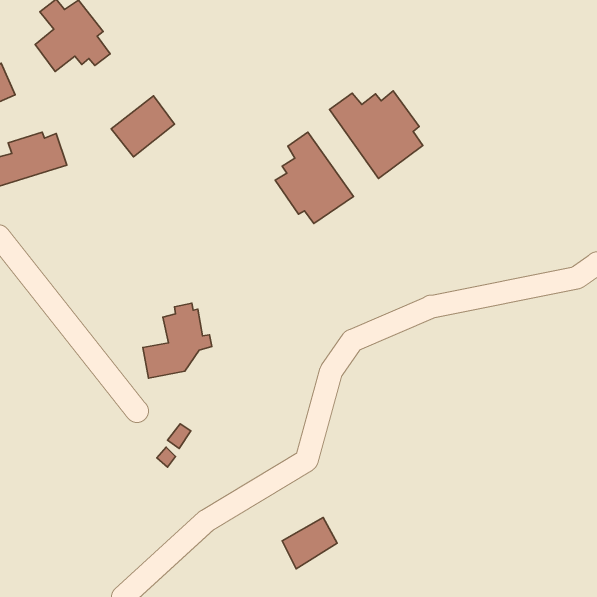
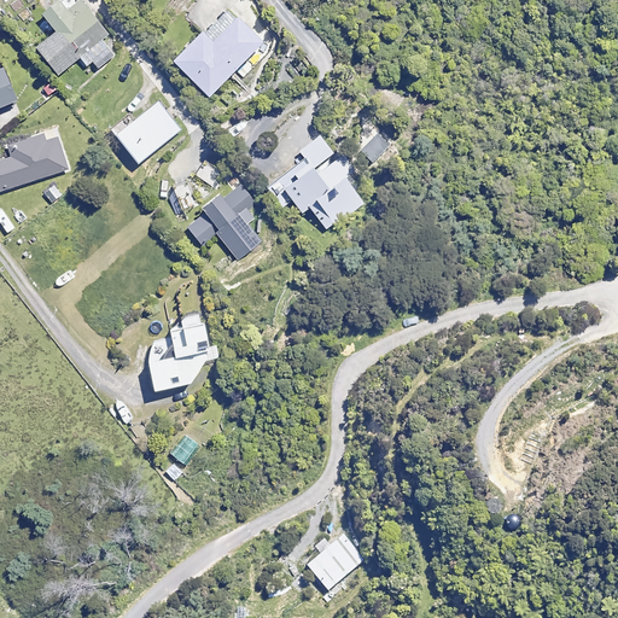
building: none -> [173,8,262,94]
building: [329,91,423,179] -> none
building: none -> [186,183,260,258]

